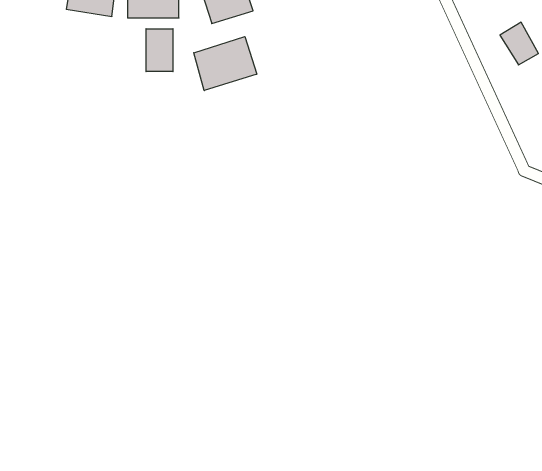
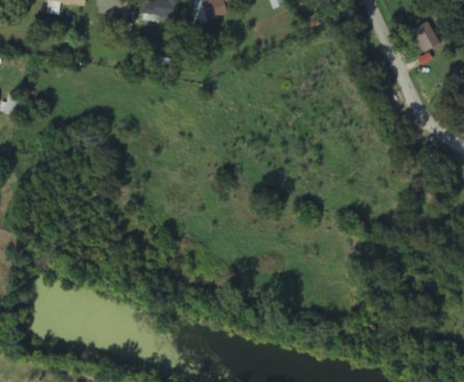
building: [146,29,173,72] -> none
building: [194,37,257,91] -> none

